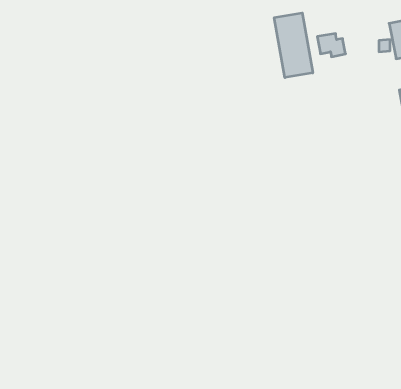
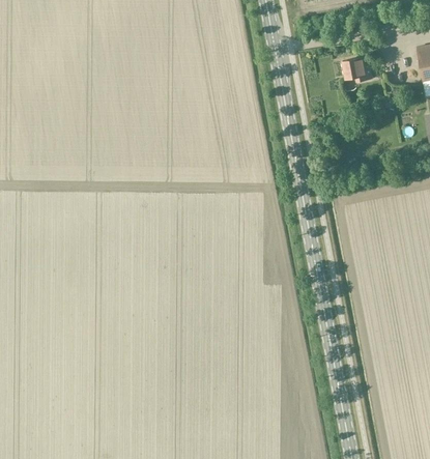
building: [274,13,313,78] -> none

